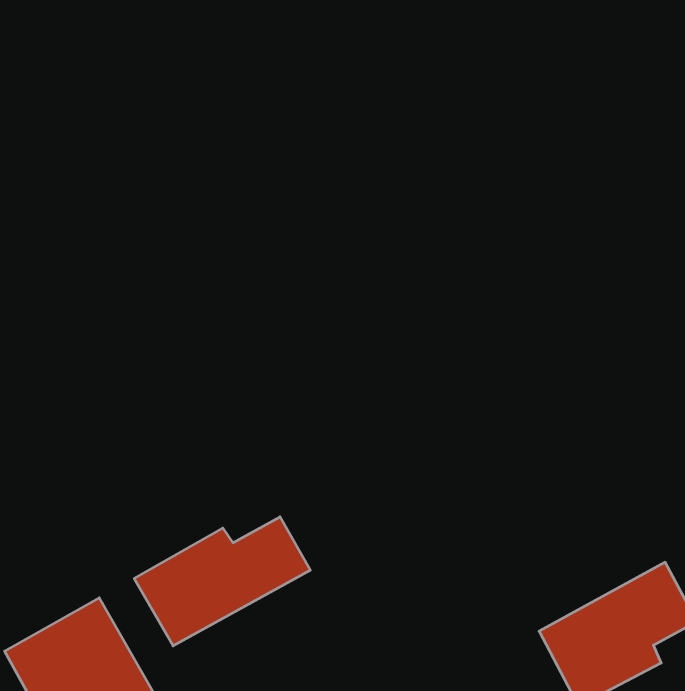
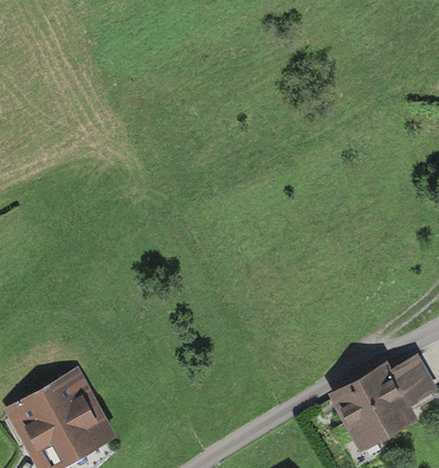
building: [134,517,310,646] -> none

